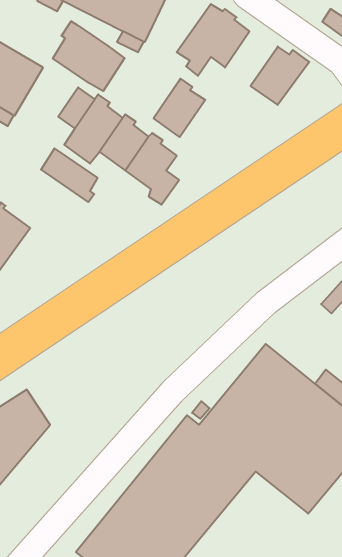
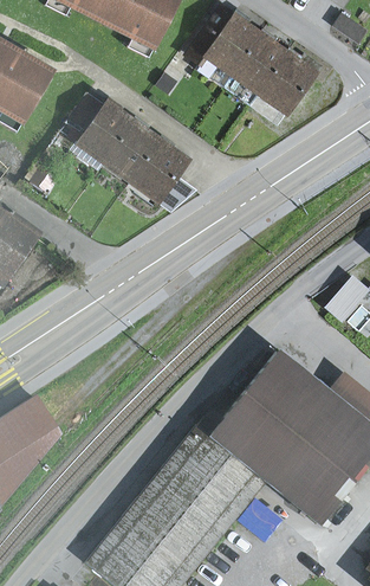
building: [53,21,125,91] -> none
building: [154,79,205,137] -> [235,32,287,91]
building: [41,148,97,202] -> none

